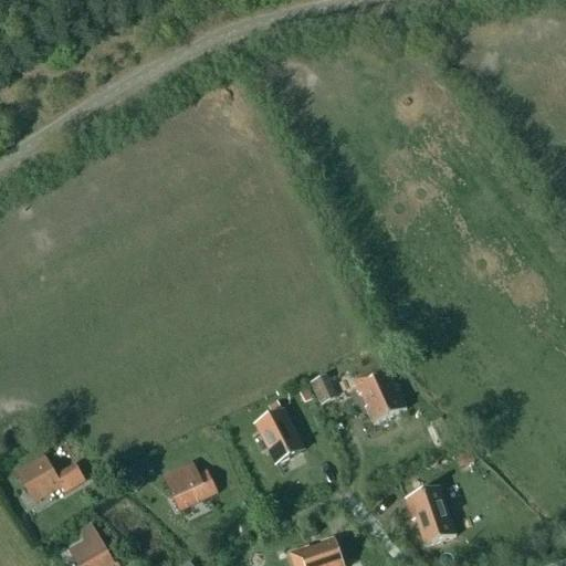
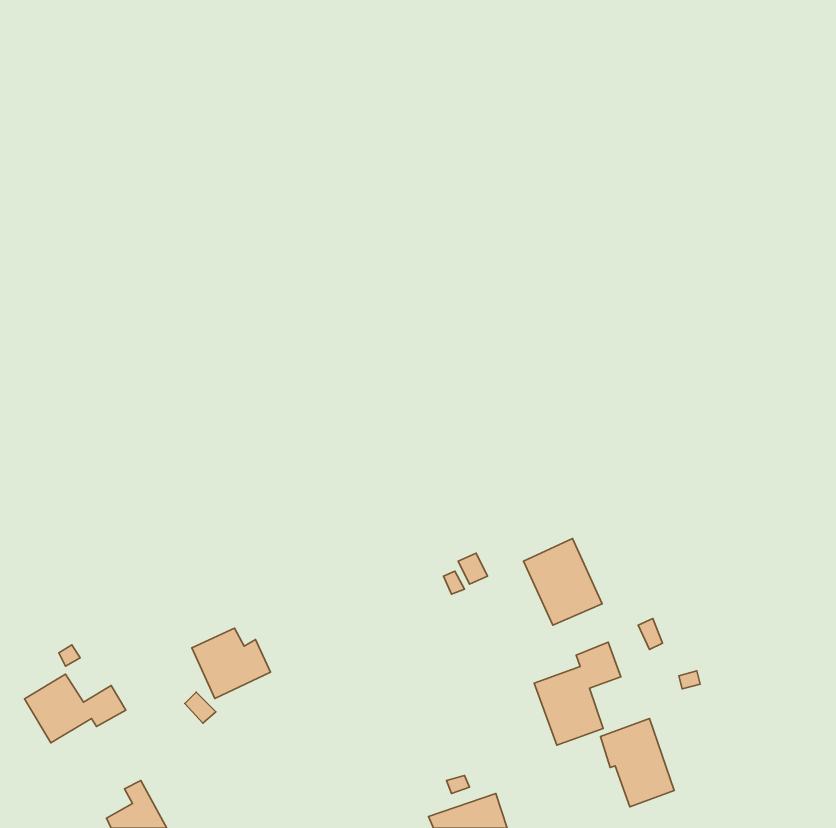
building: [256,401,303,462] -> none
building: none -> [534,642,621,745]
building: [164,462,217,510] -> [192,628,270,699]

